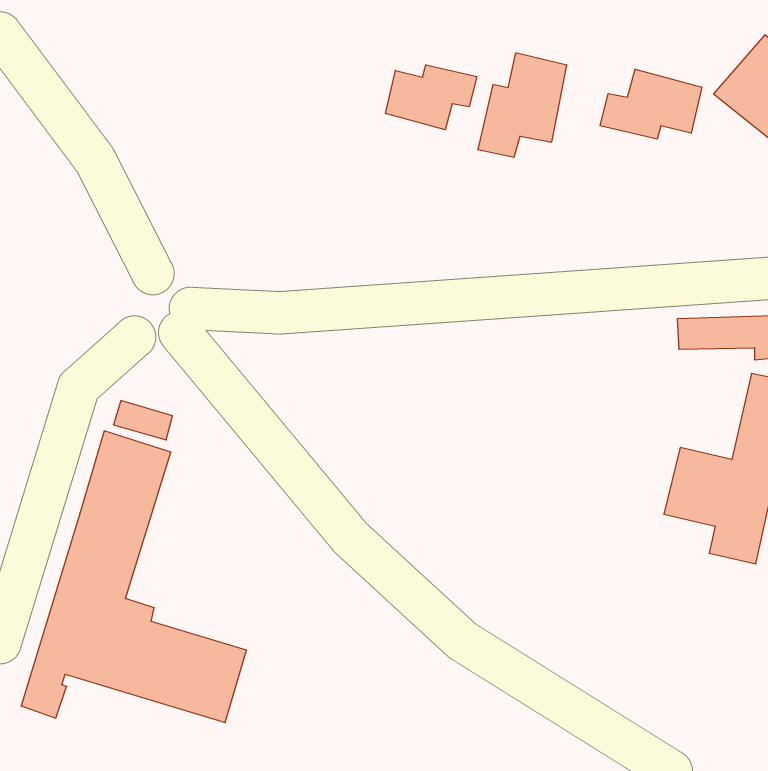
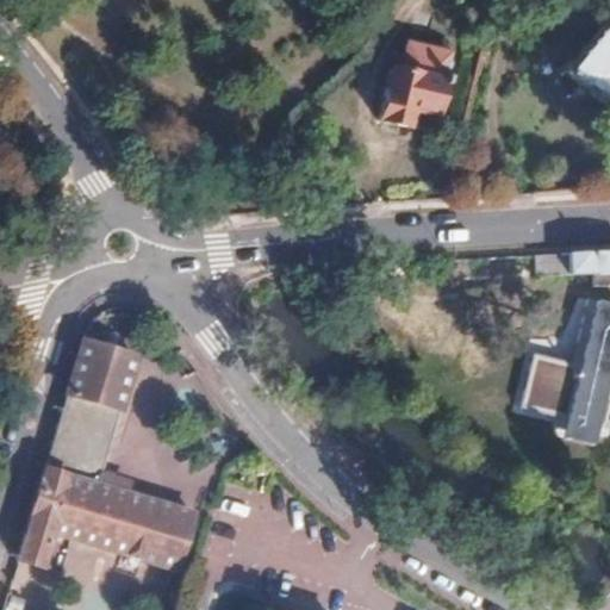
building: [386,65,477,130] -> none
building: [600,69,702,139] -> none

